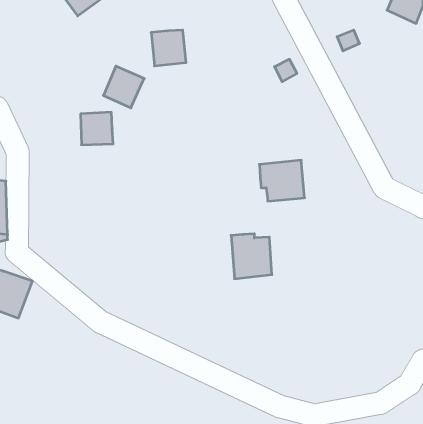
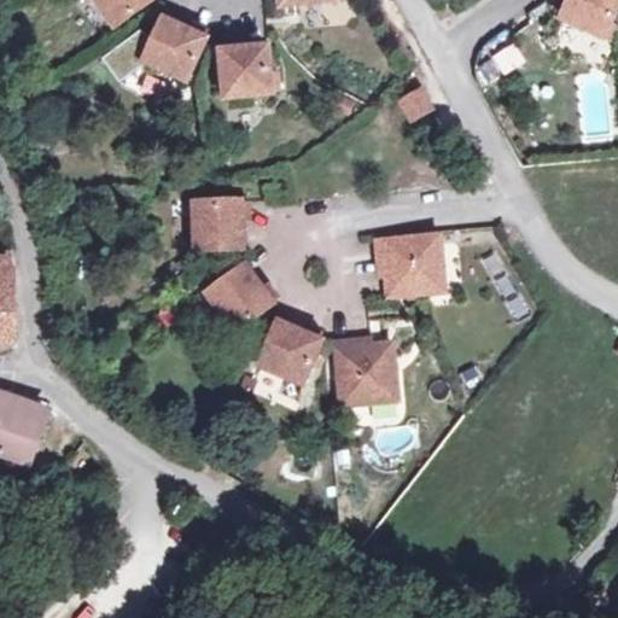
building: [103,66,144,108] -> [142,17,202,77]
building: [81,112,113,145] -> [196,198,243,245]
building: none -> [206,263,269,328]
building: none -> [257,319,319,381]

